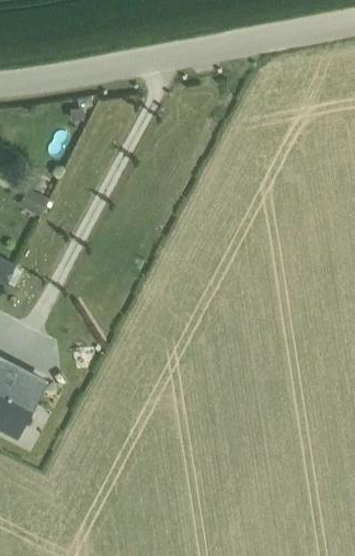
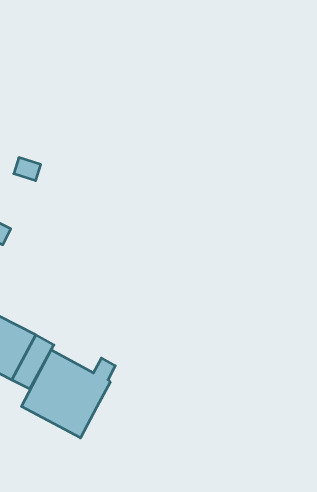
building: none -> [22,350,115,438]

